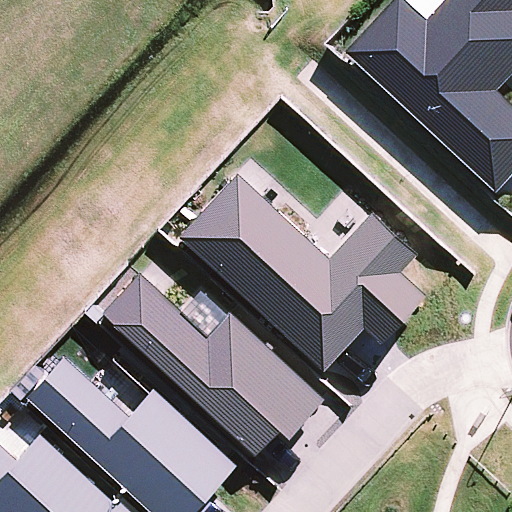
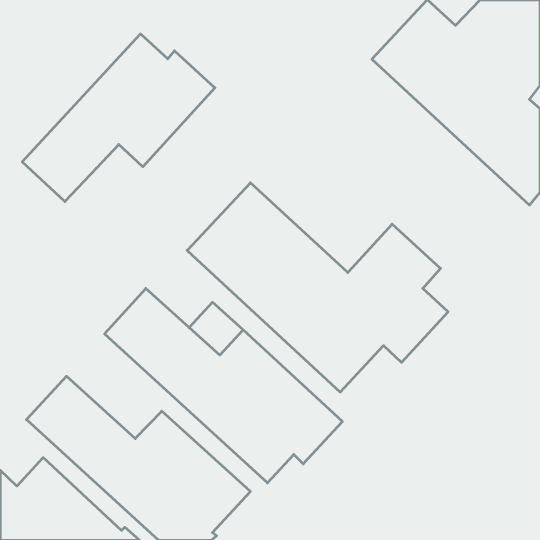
building: none -> [22,34,215,202]

